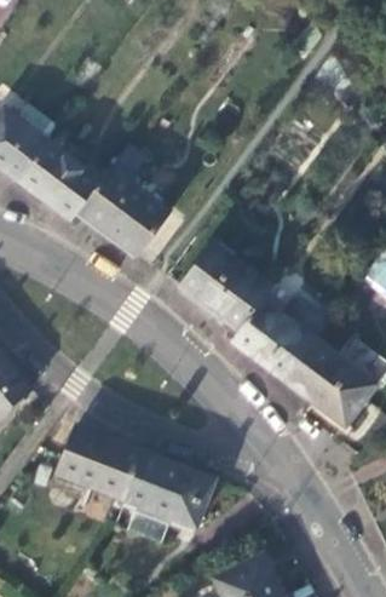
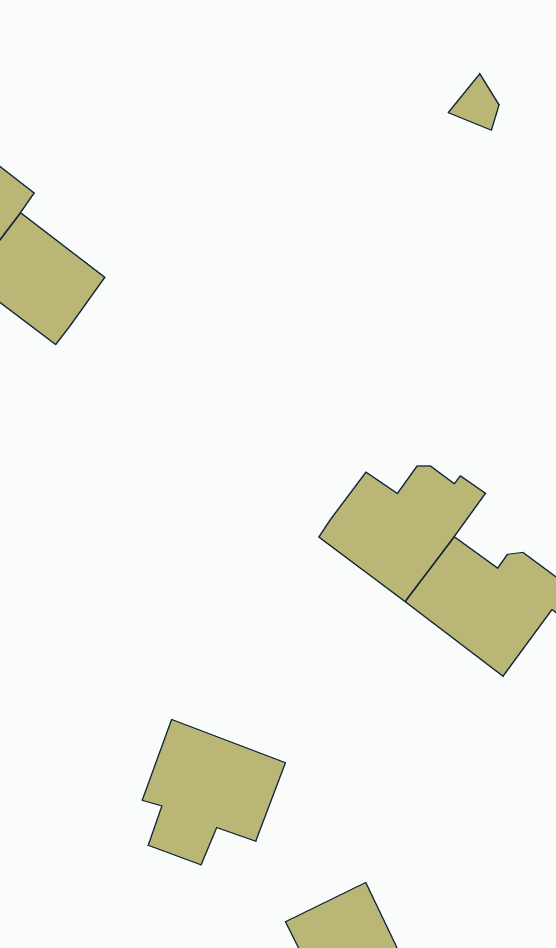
building: [79,145,169,256] -> none
building: [182,243,271,331] -> none
building: [54,429,142,504] -> none

